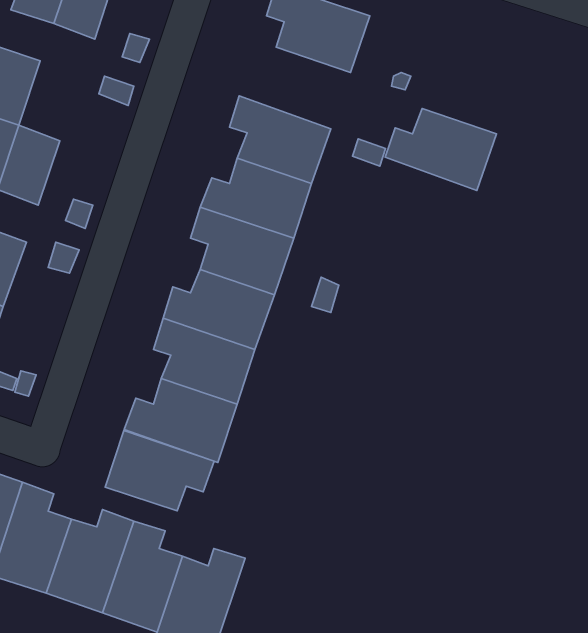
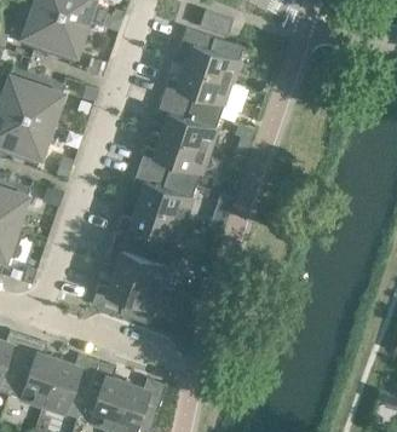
building: none -> [25,75,65,125]
building: [385,108,496,190] -> [162,67,231,117]
building: [105,430,214,511] -> none

